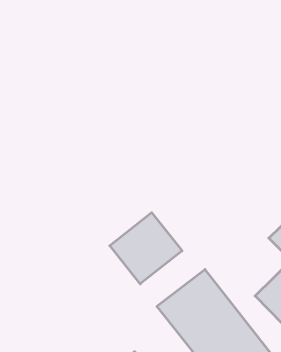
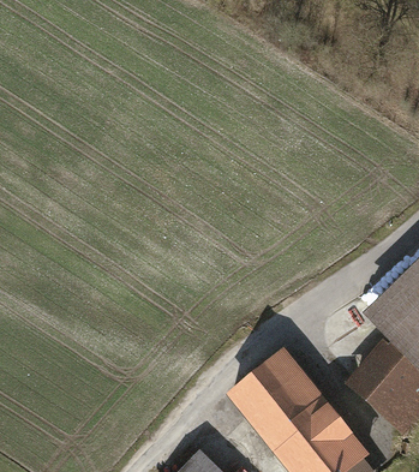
building: [110,213,182,284] -> none

